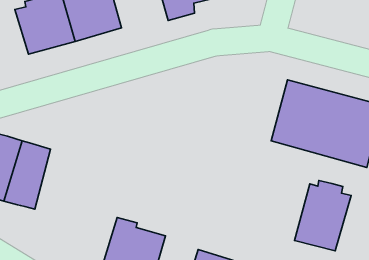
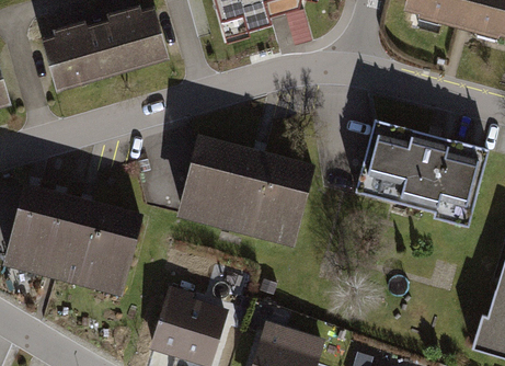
building: none -> [177,142,308,239]
building: none -> [69,204,131,289]
building: [295,181,351,251] -> none

